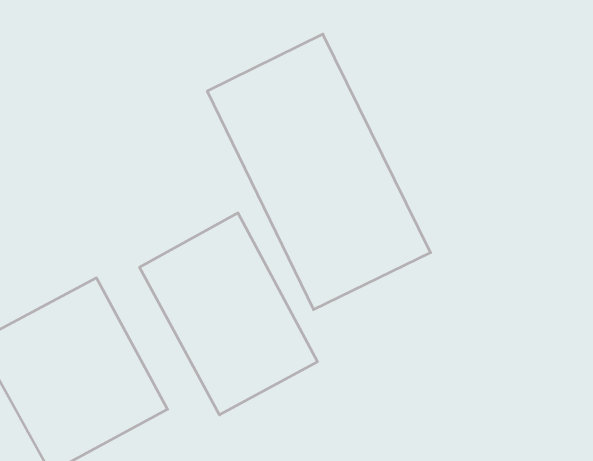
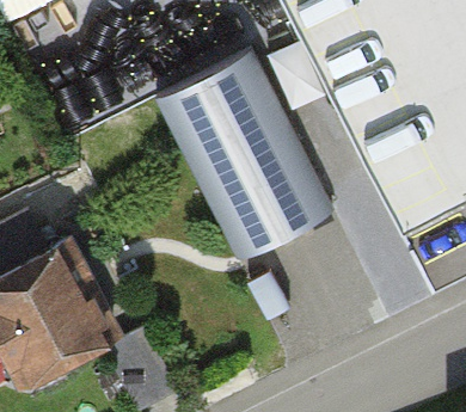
building: [140,213,317,415] -> none

